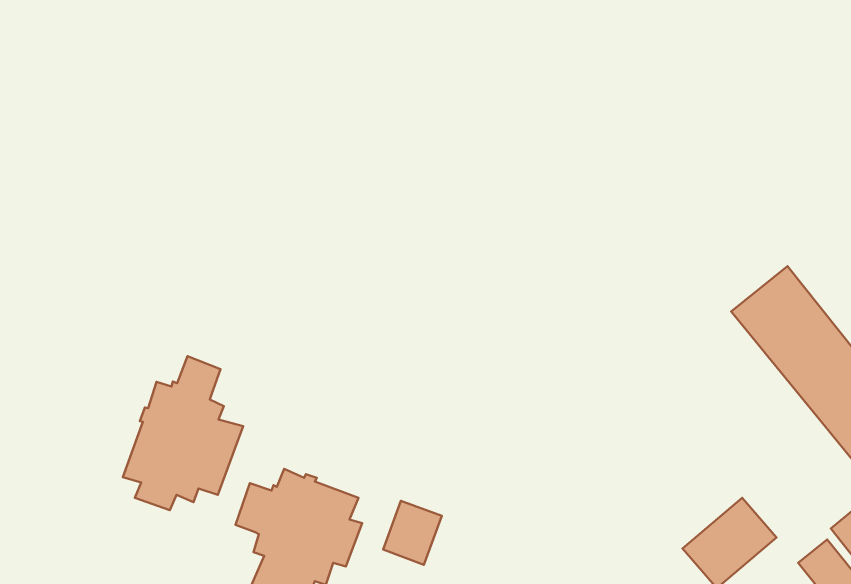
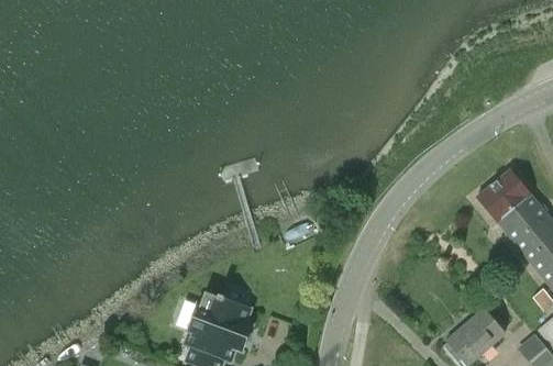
building: [123,356,243,510] -> none
building: [383,501,442,565] -> none

